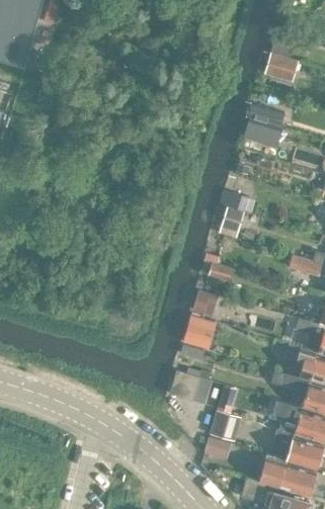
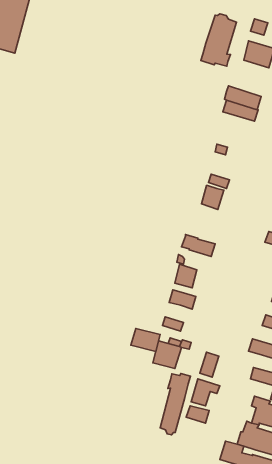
building: none -> [201,14,237,66]
building: none -> [131,328,160,352]
building: none -> [160,373,190,435]

